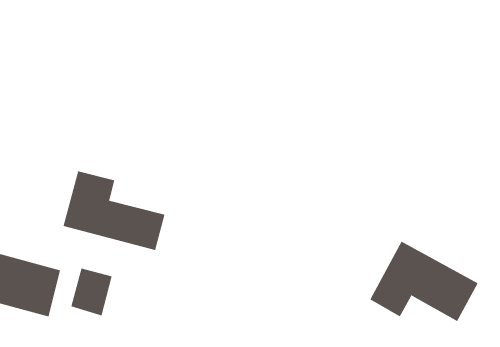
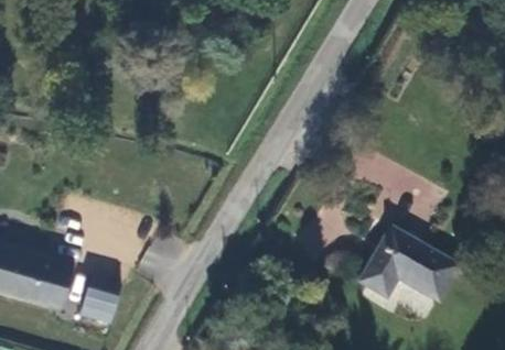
building: [63,171,165,251] -> none

